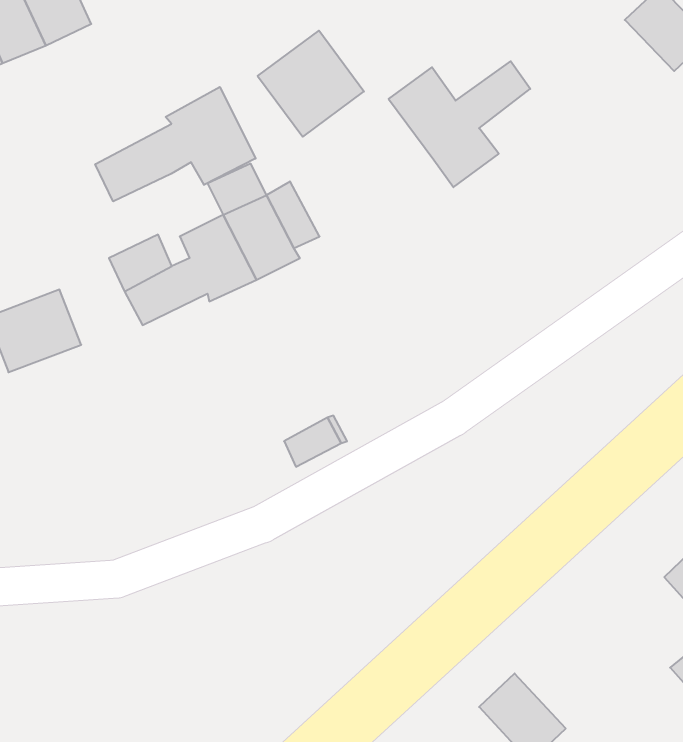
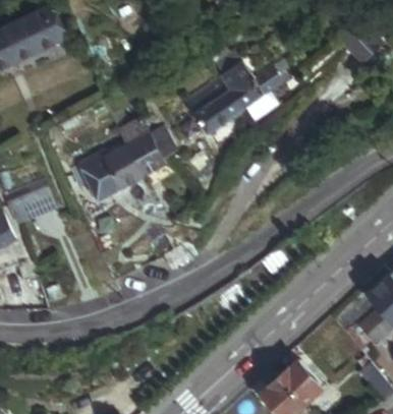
building: [258,31,364,137] -> [183,79,238,134]
building: [95,87,256,201] -> none
building: none -> [280,360,325,405]

